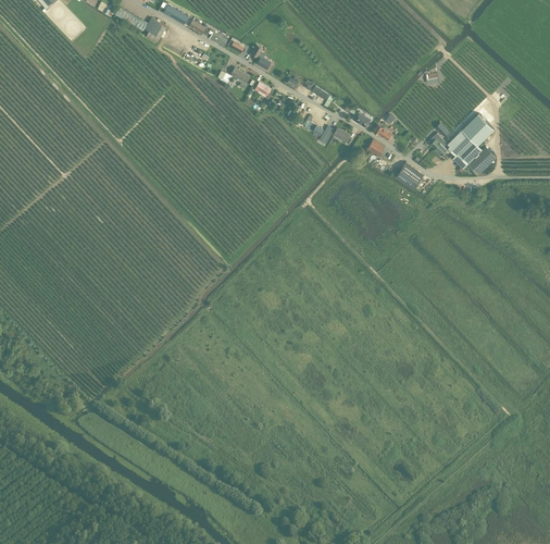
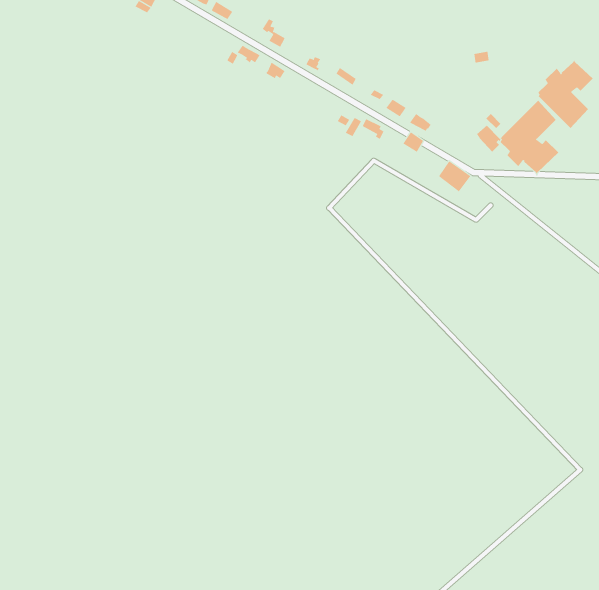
building: none -> [538,59,593,129]

